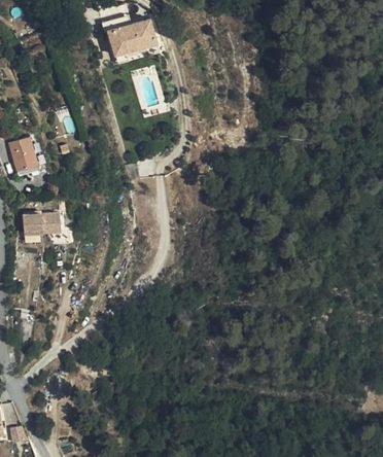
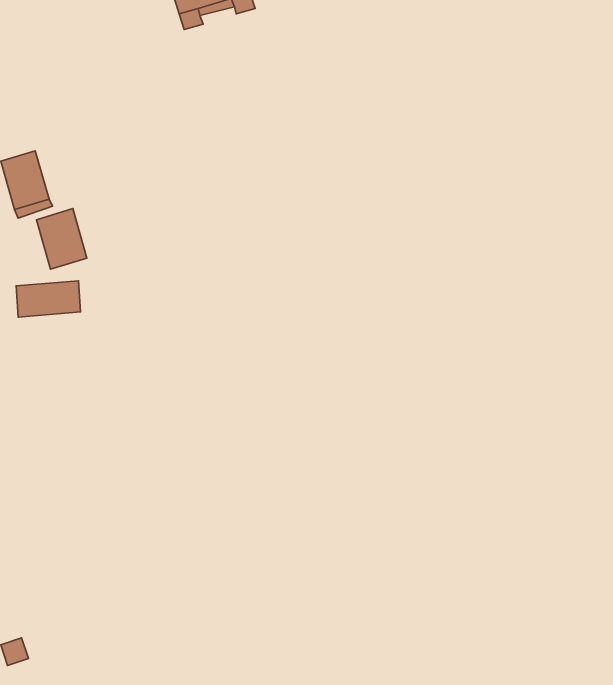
building: none -> [36,209,87,269]

